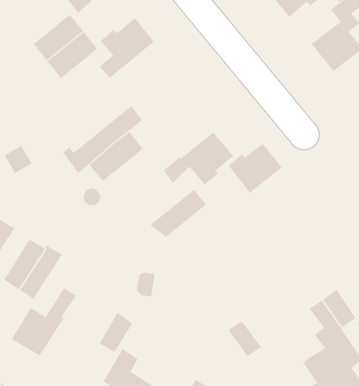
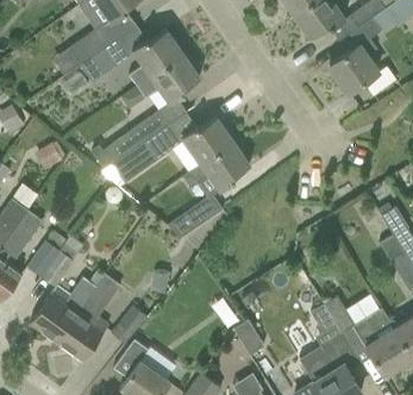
building: none -> [138,54,200,104]
building: [228,143,282,194] -> [181,118,232,164]
building: none -> [56,274,120,360]

